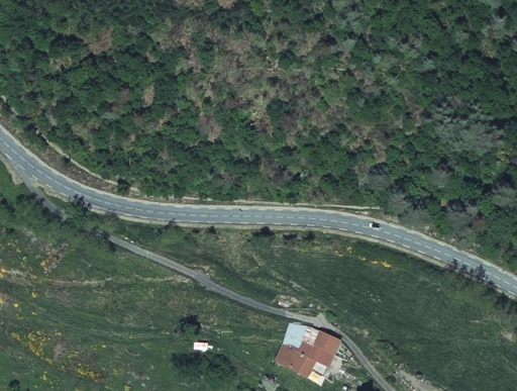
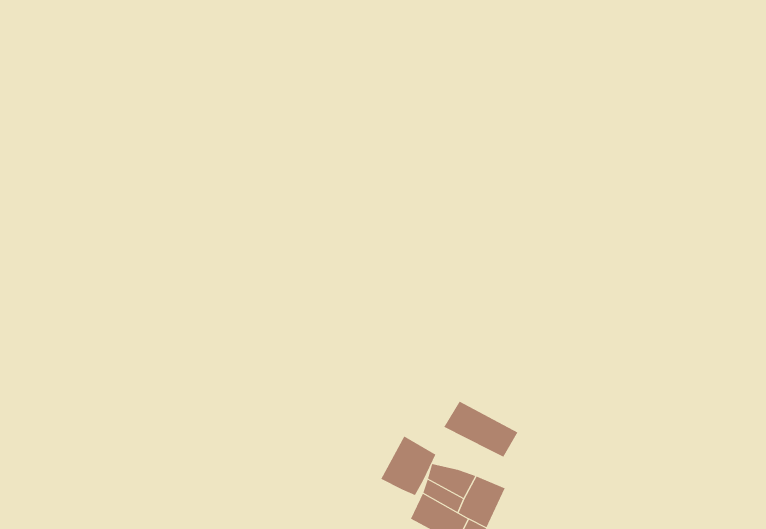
building: none -> [443,401,518,458]
building: none -> [381,436,436,496]

